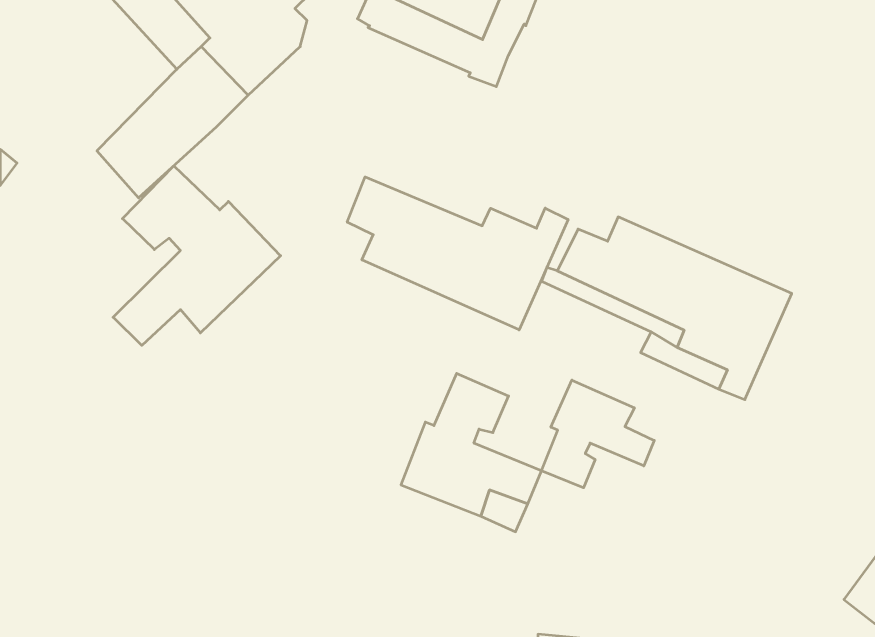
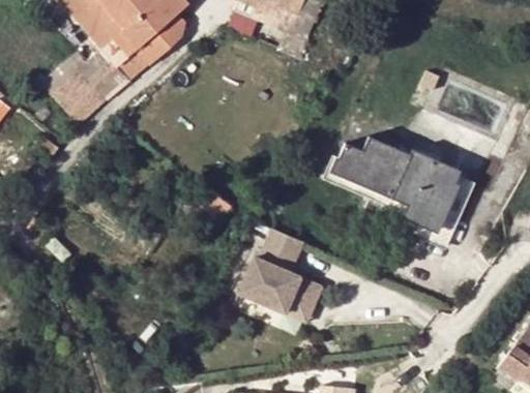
building: [113,166,281,345] -> none
building: [347,177,568,330] -> none
building: [542,380,654,488] -> none

